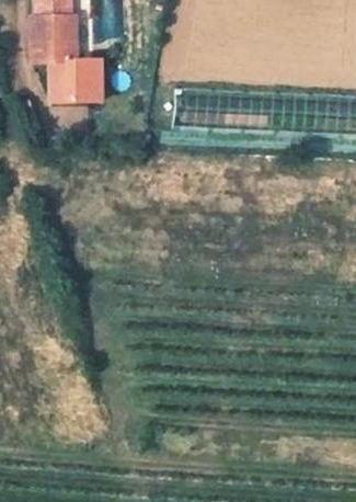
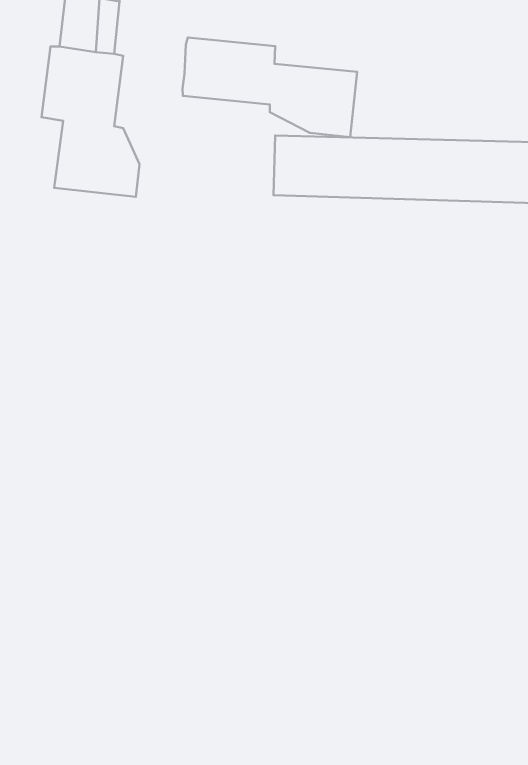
building: none -> [183,38,357,137]

